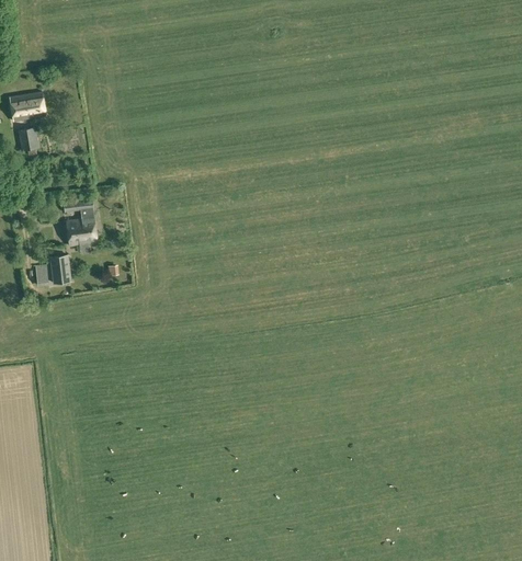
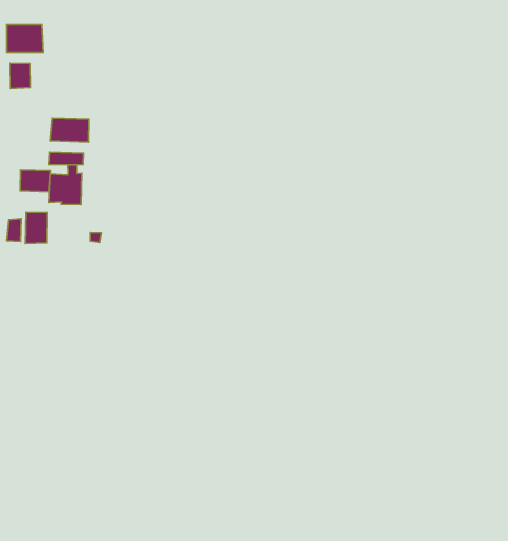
building: none -> [50,118,89,142]
building: none -> [20,170,50,192]

